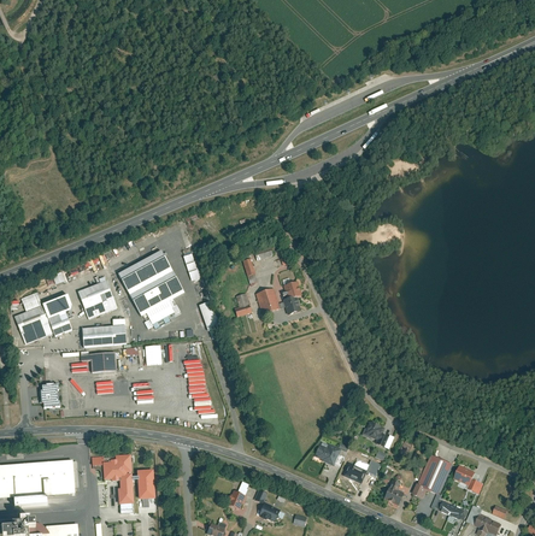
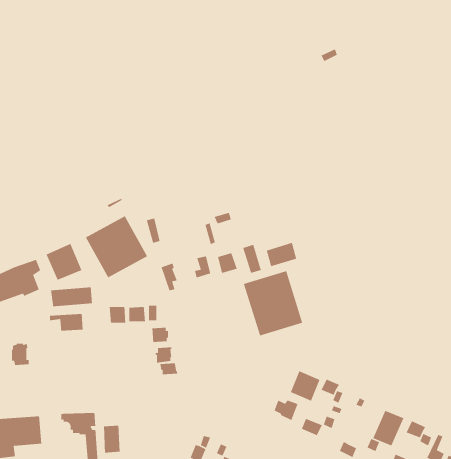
building: none -> [266,242,297,267]
building: none -> [243,270,303,337]
building: none -> [290,370,321,402]

